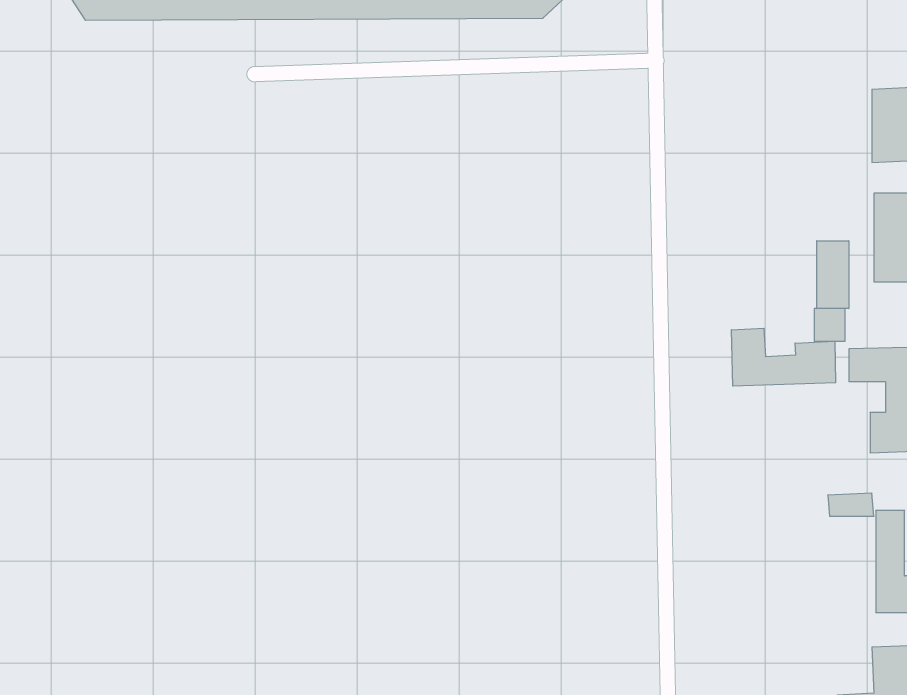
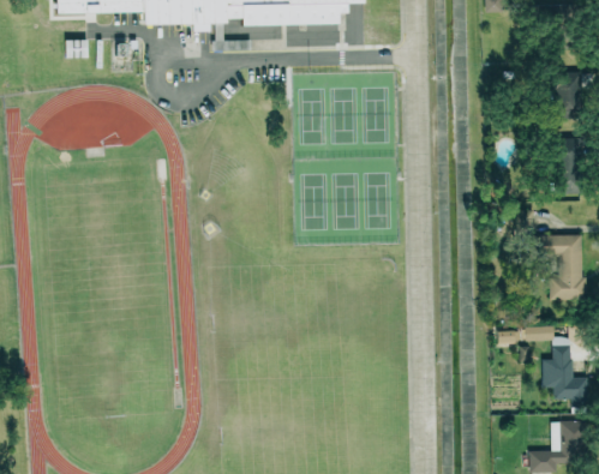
building: [817,241,849,309] -> none
building: [731,328,836,386] -> none

